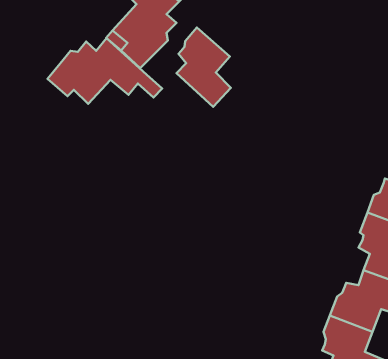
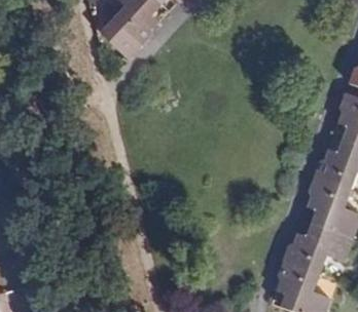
building: [176,27,231,107] -> none
building: [48,38,162,104] -> none

